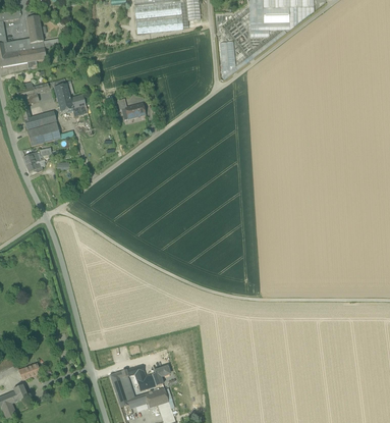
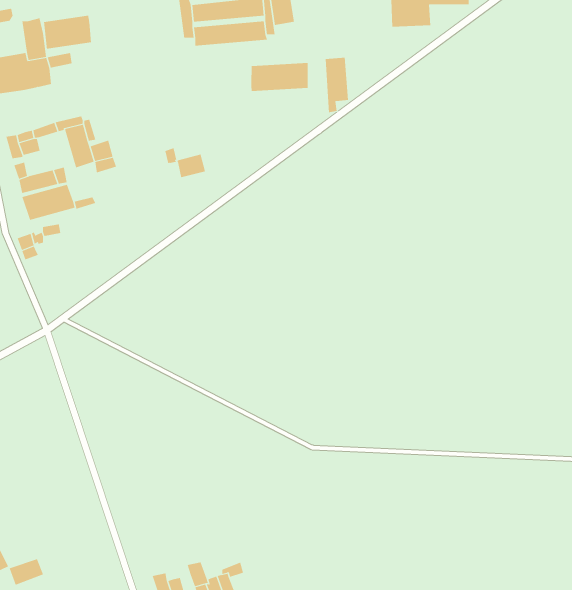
building: none -> [44,15,91,50]
building: none -> [251,62,308,92]

